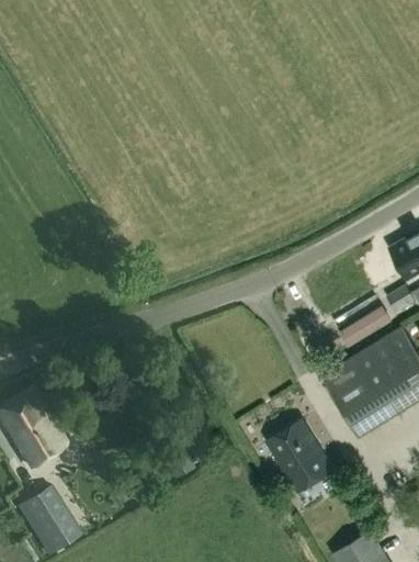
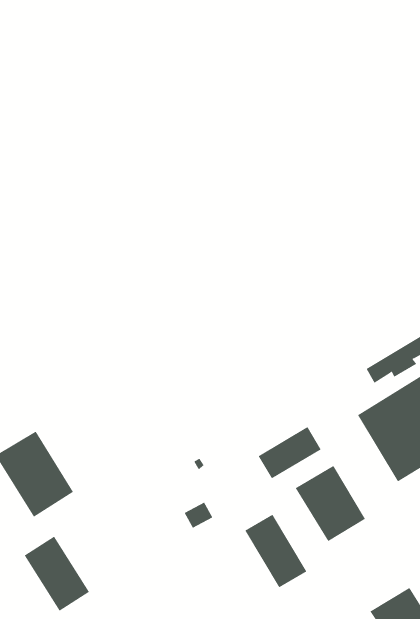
building: none -> [258,426,321,479]
building: none -> [245,514,307,588]

